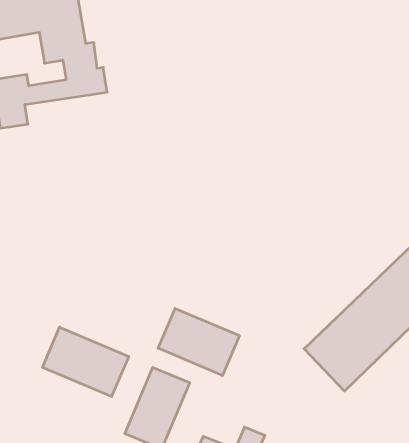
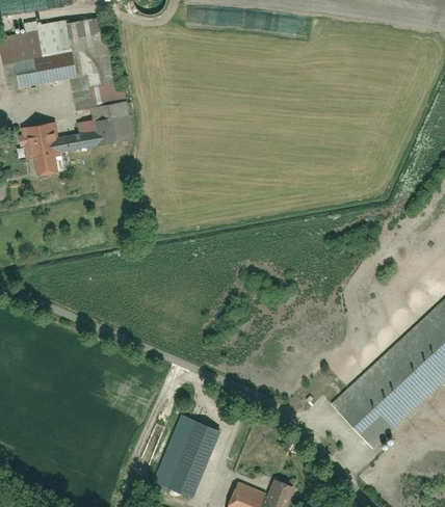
building: [158,308,239,376] -> none
building: [42,327,129,397] -> none

